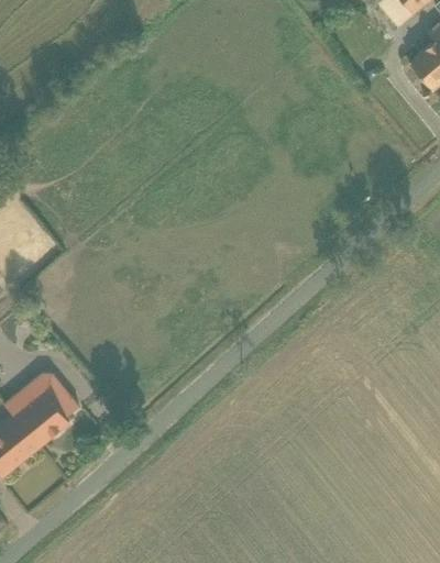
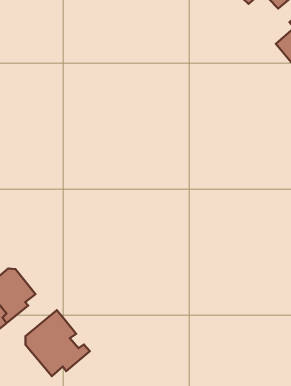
building: none -> [25,310,90,376]

